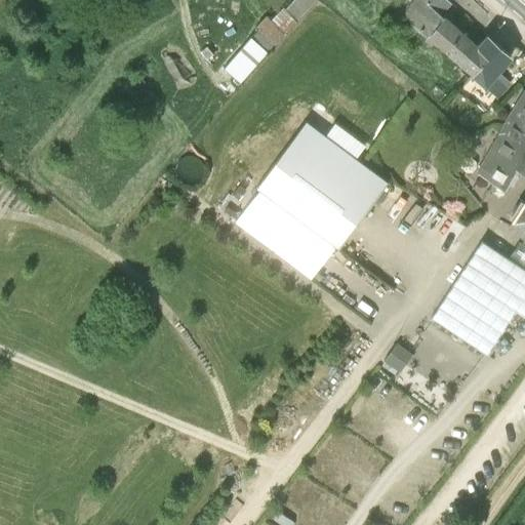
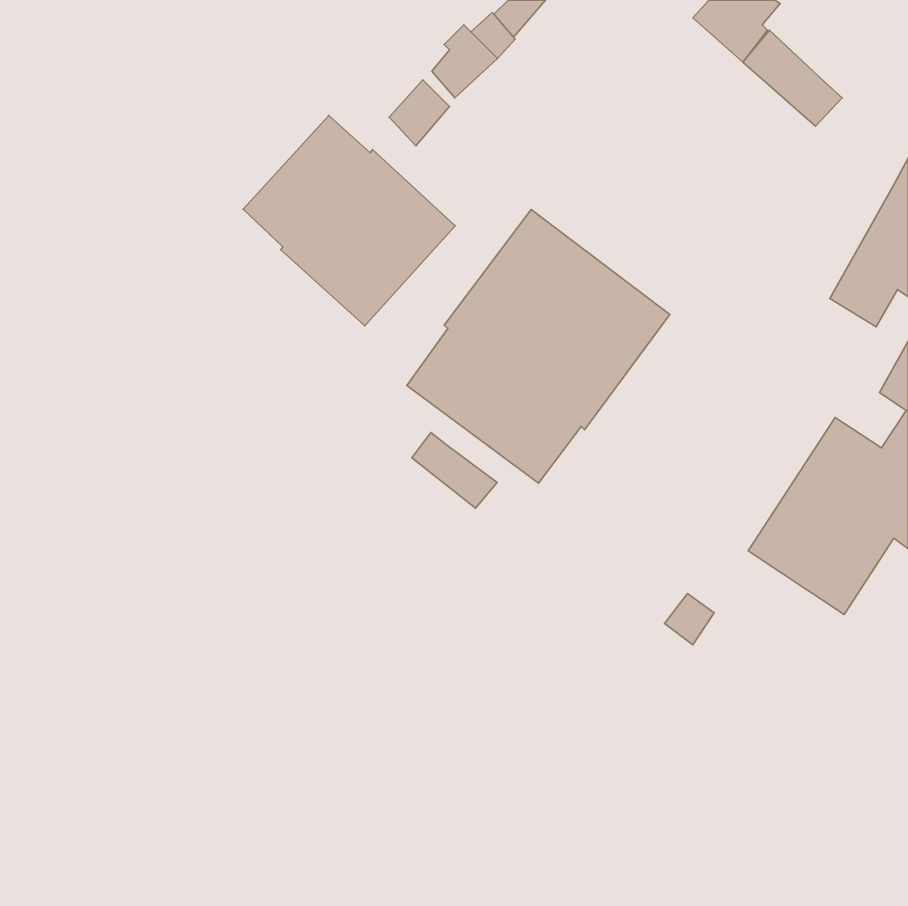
building: [472,37,511,86] -> none
building: none -> [243,115,455,326]
building: none -> [412,432,497,508]

